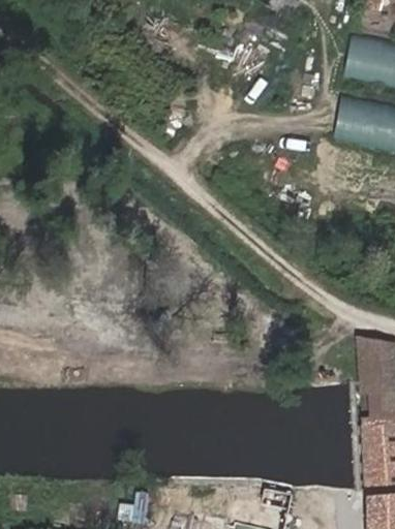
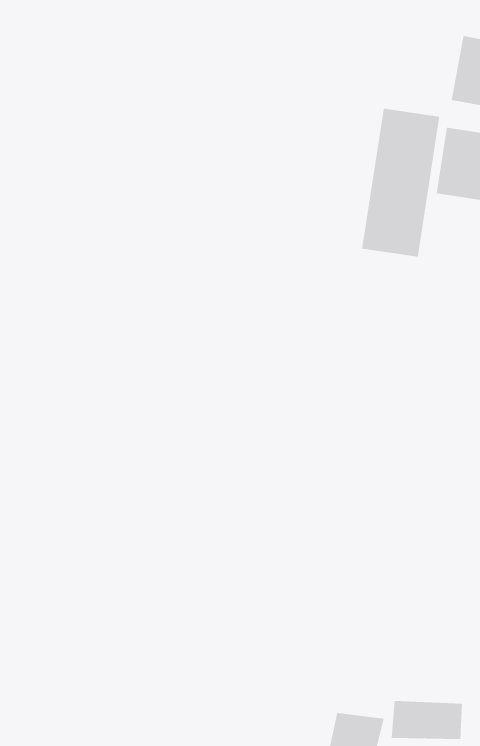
building: none -> [362,108,440,258]

